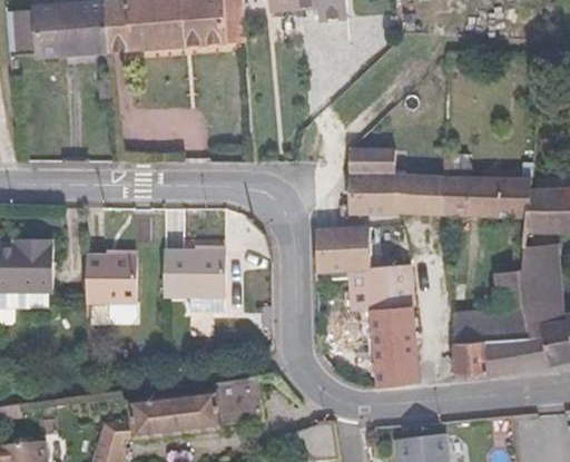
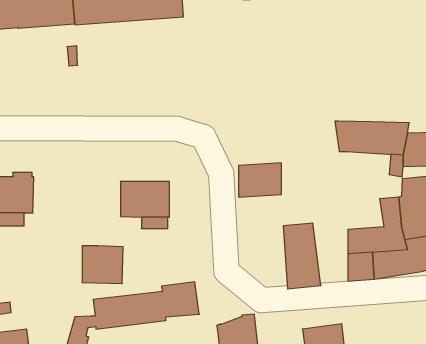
building: [346,147,442,213] -> none
building: [86,255,138,303] -> [82,246,123,284]
building: [347,264,409,309] -> none

